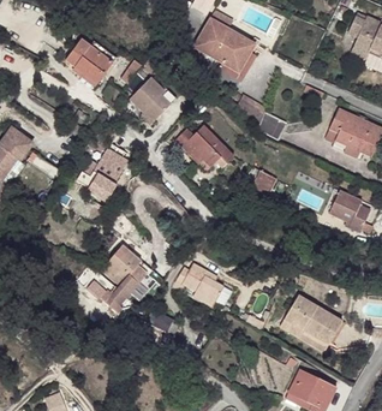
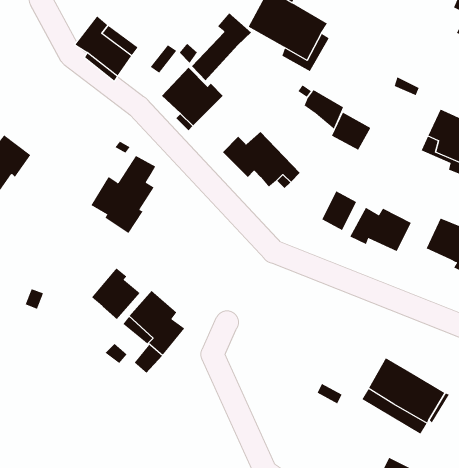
building: none -> [191,13,252,81]
building: none -> [350,207,412,252]
building: none -> [91,267,141,320]
building: [183,263,223,306] -> none

